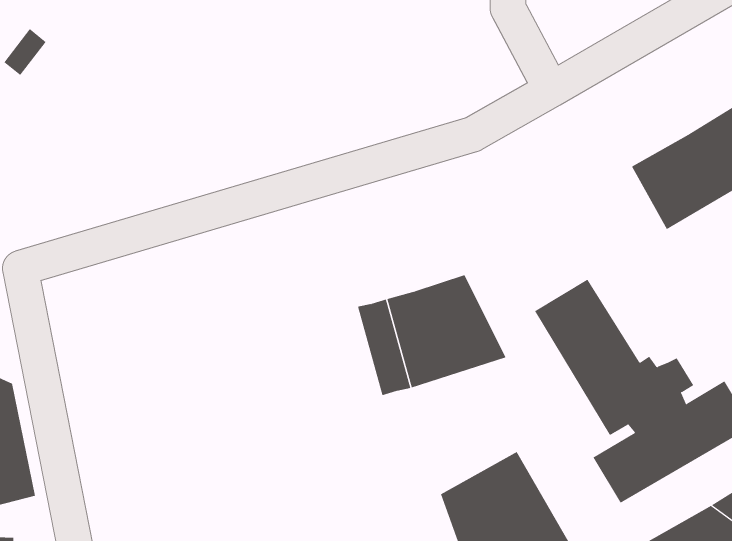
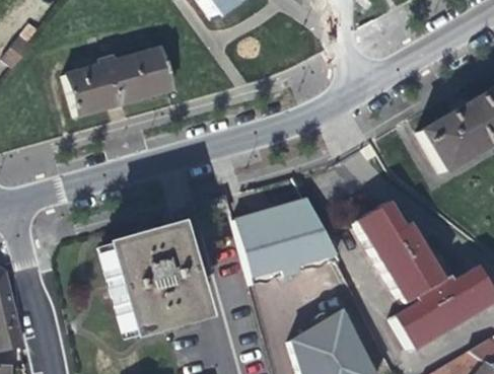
building: none -> [70,49,179,117]
building: none -> [110,229,205,339]

